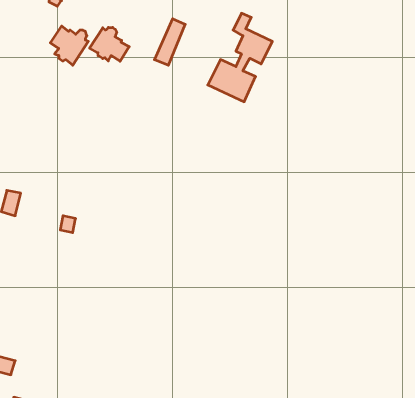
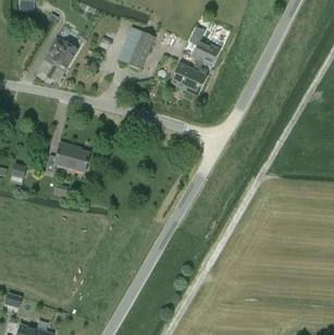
building: [90,27,129,61] -> none
building: none -> [45,141,88,172]

